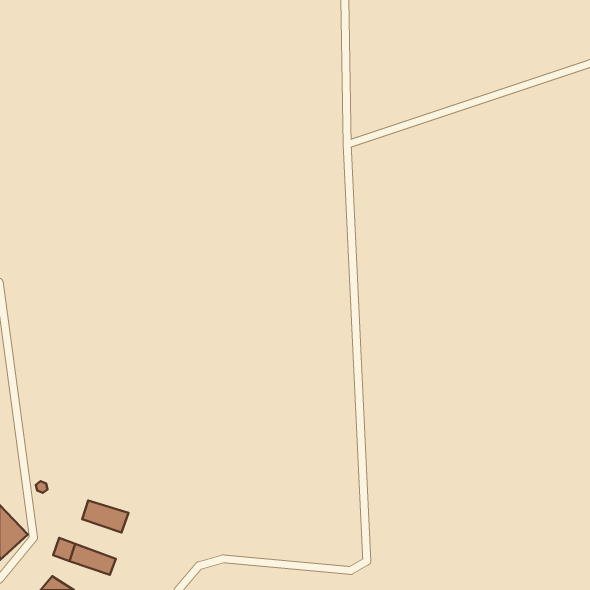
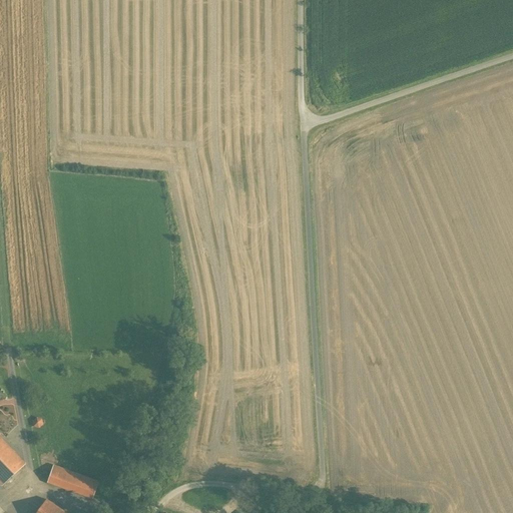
building: [82,500,128,533] -> none

